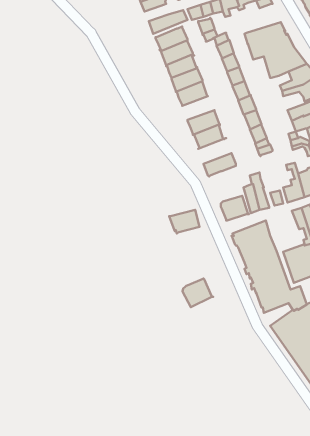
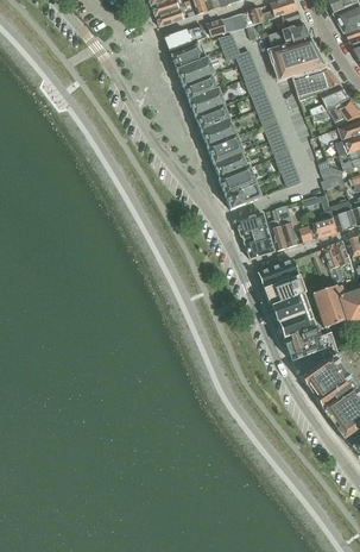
building: none -> [270,23,311,50]
building: none -> [202,120,238,146]
building: none -> [220,167,257,195]
building: [169,210,199,233] -> [236,212,270,238]
building: [182,278,213,307] -> none

